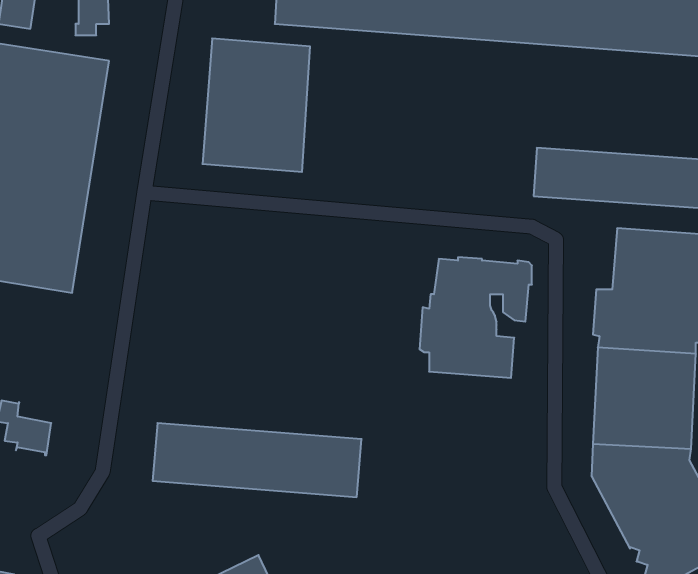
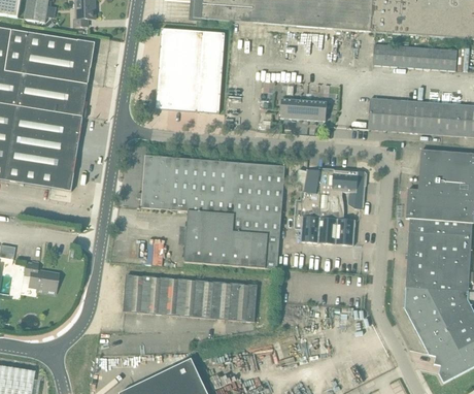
building: none -> [372,43,456,69]
building: none -> [279,98,326,120]
building: none -> [136,154,284,268]

